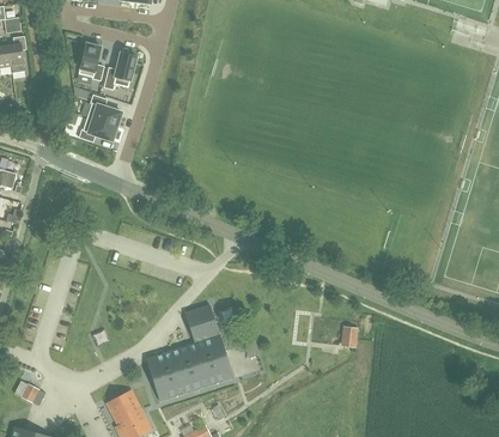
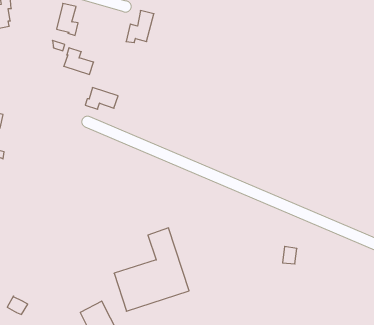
building: [103,51,135,89] -> [126,11,154,43]
building: [78,116,116,141] -> [85,88,118,109]

